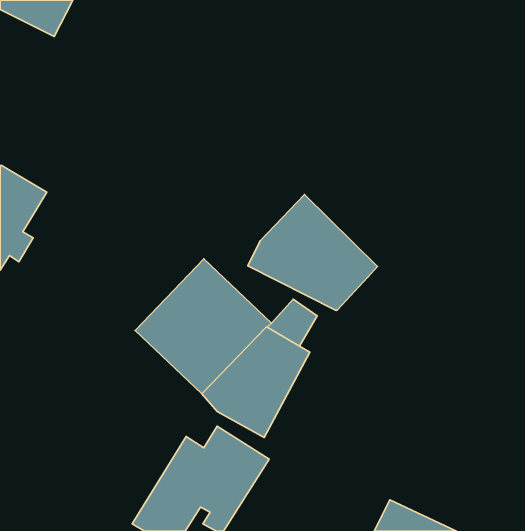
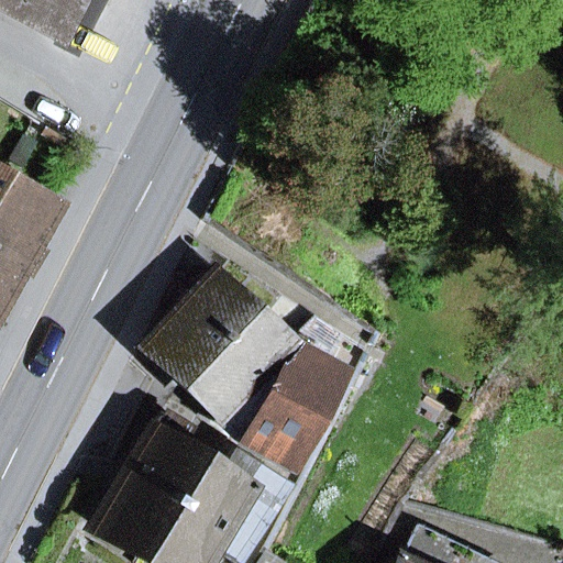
building: [248,194,377,310] -> none
building: none -> [98,413,203,554]

